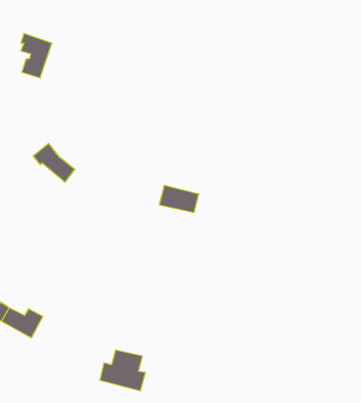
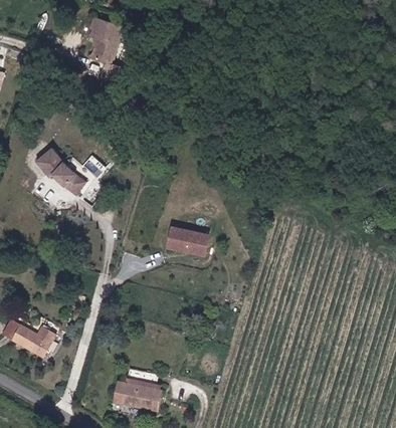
building: [21,33,52,78] -> [93,17,126,63]
building: [159,185,199,212] -> [166,228,207,256]

